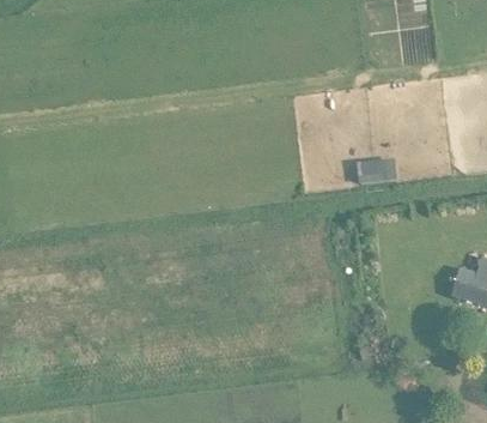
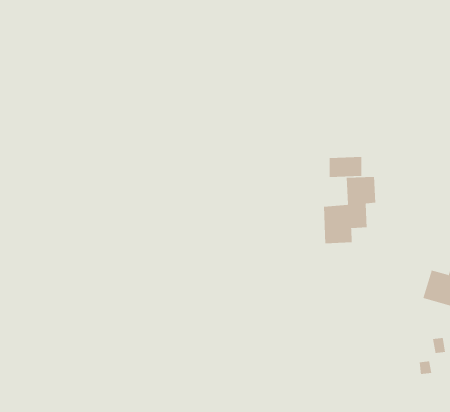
building: none -> [323,176,376,244]

